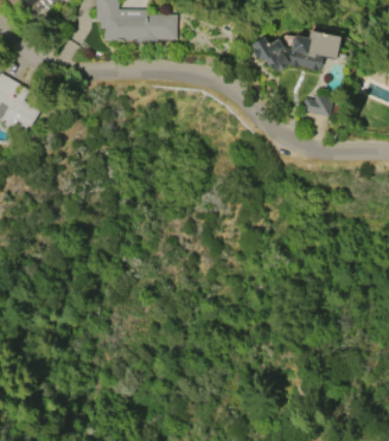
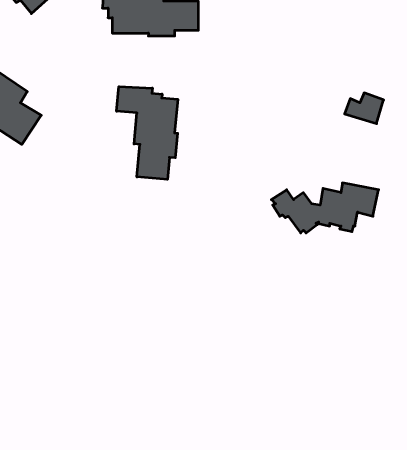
building: [250,30,342,72] -> [271,183,379,233]
building: none -> [117,87,178,179]

